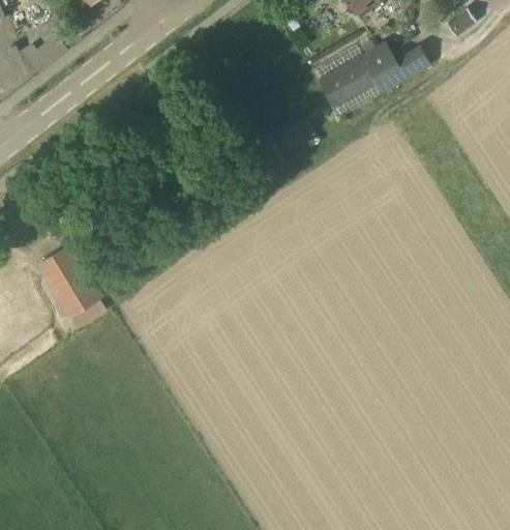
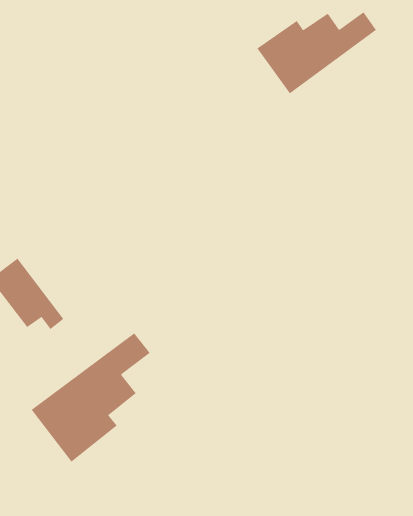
building: none -> [31,333,150,463]

